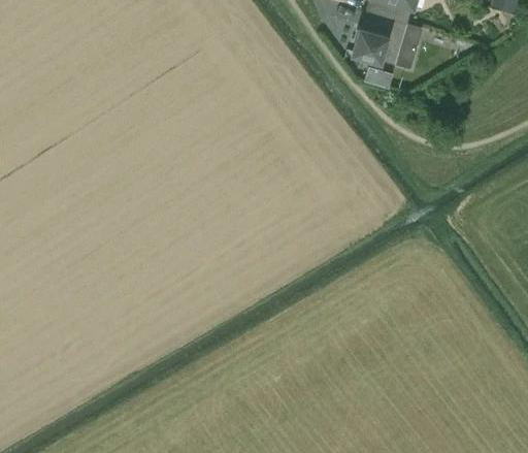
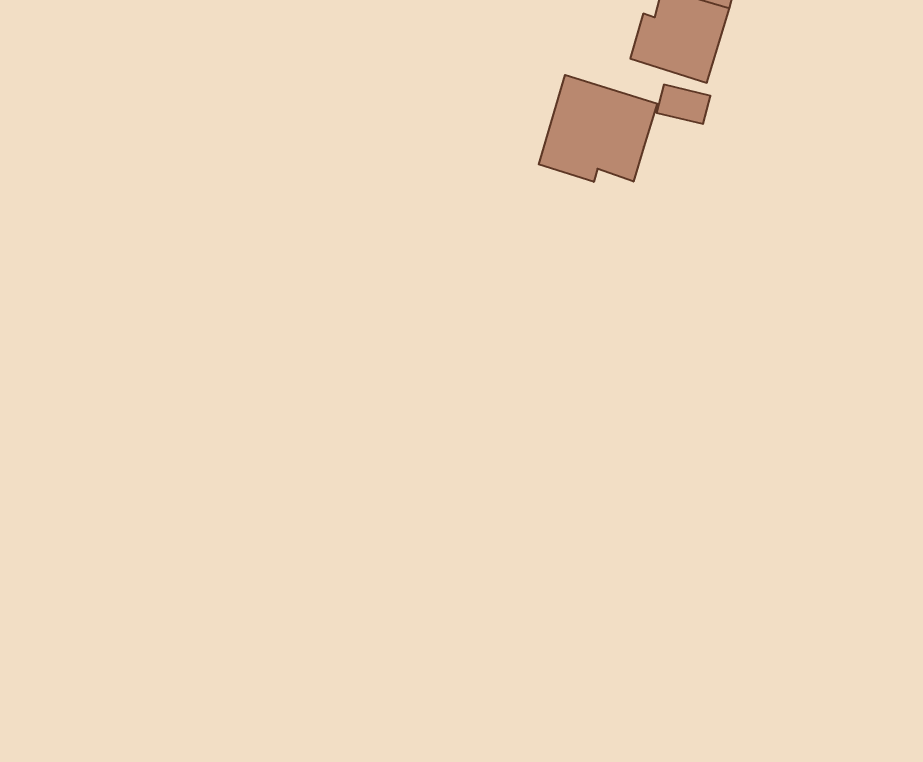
building: none -> [539,75,657,182]

